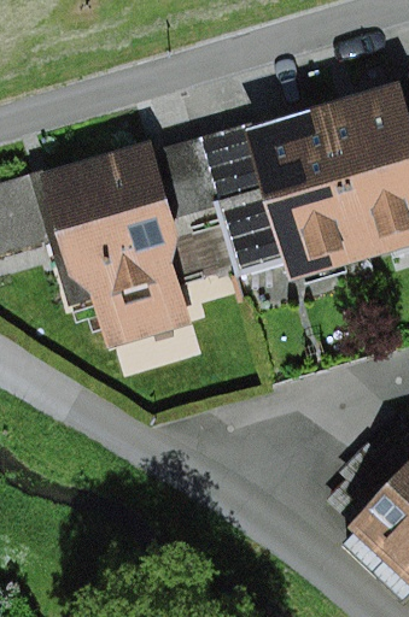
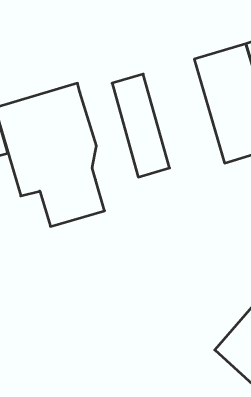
building: [247,105,367,280] -> none
building: [154,140,236,281] -> none

